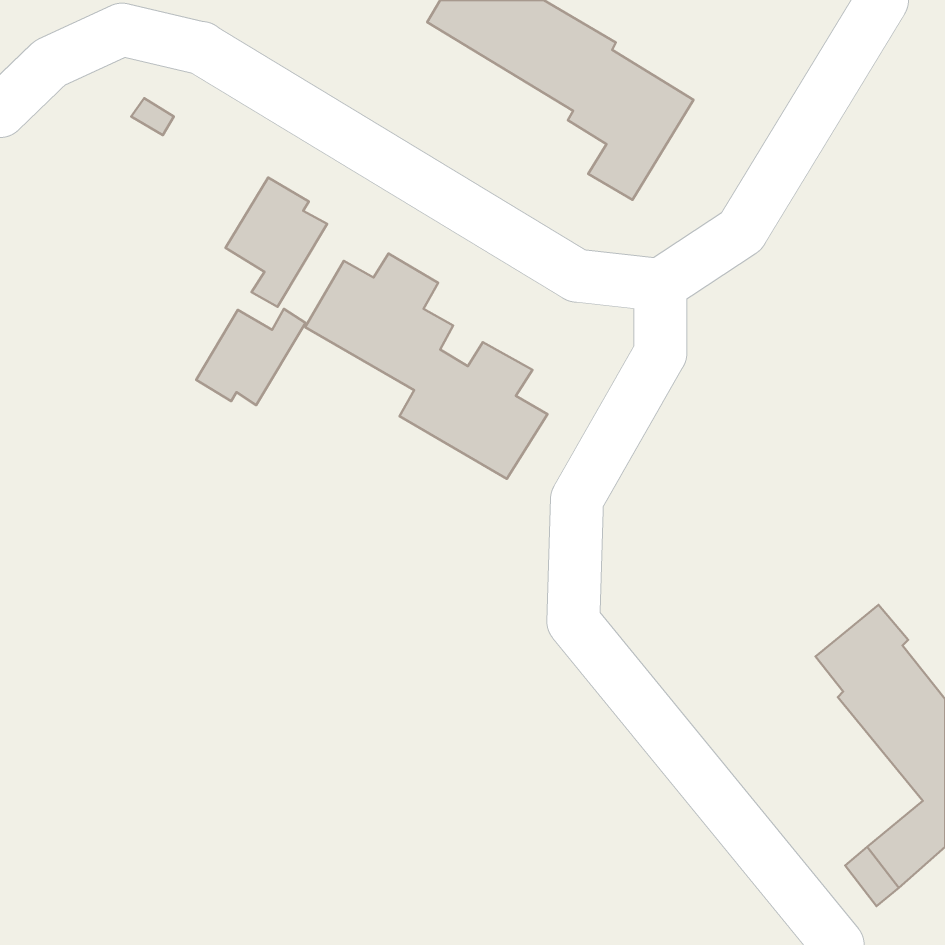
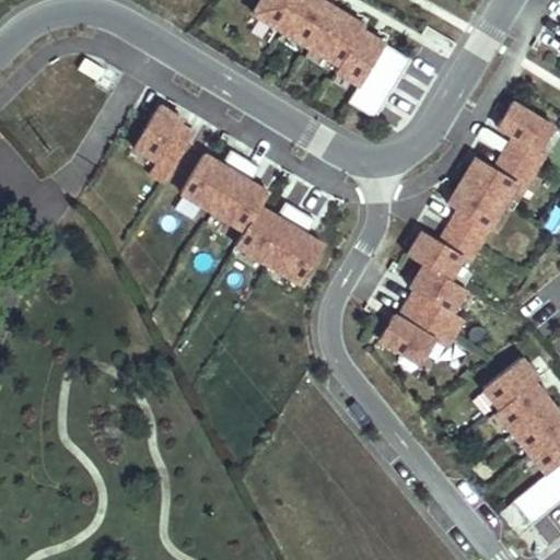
building: none -> [378,102,553,364]
building: [196,309,306,405] -> none

